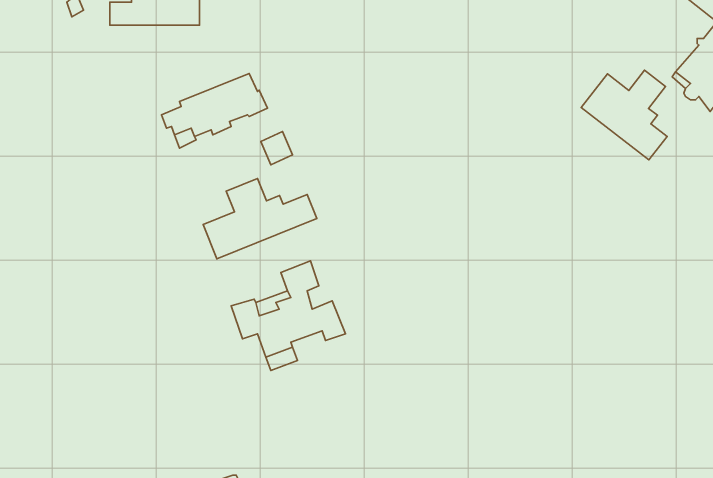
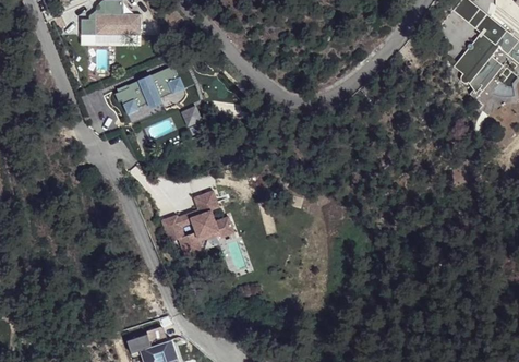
building: [581,70,667,160] -> none
building: [203,178,317,259] -> none

